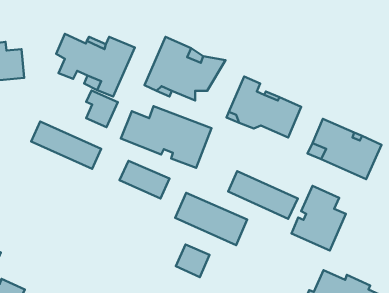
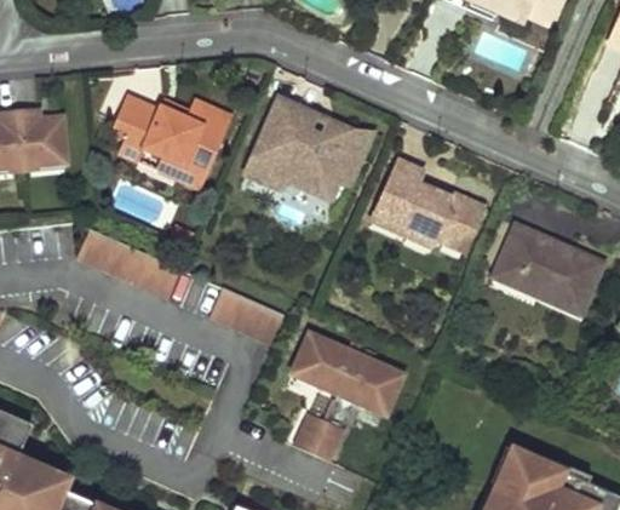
building: [86,90,118,127] -> none
building: [121,106,212,168] -> none
building: [228,171,298,219] -> none
building: [291,186,346,251] -> none

